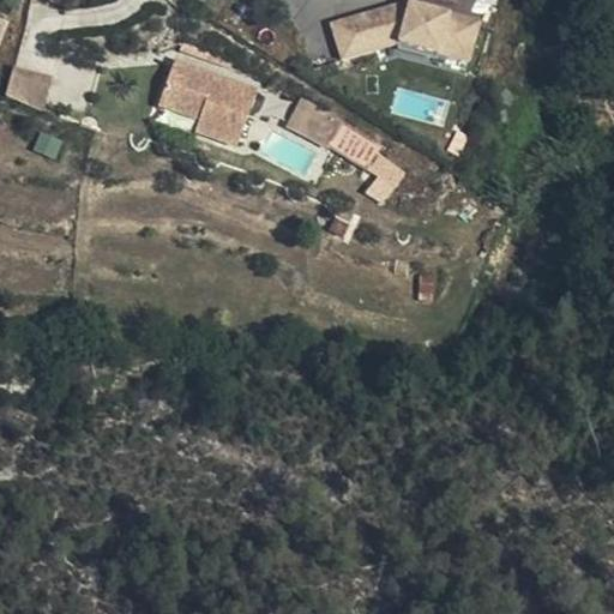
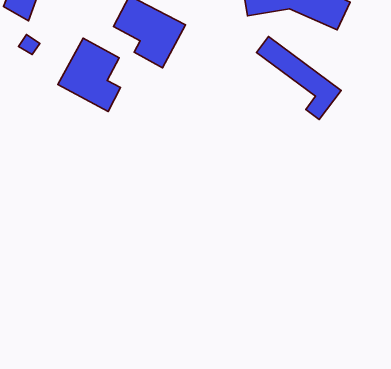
building: [285,100,409,203] -> [256,37,341,120]
building: none -> [58,38,120,112]

